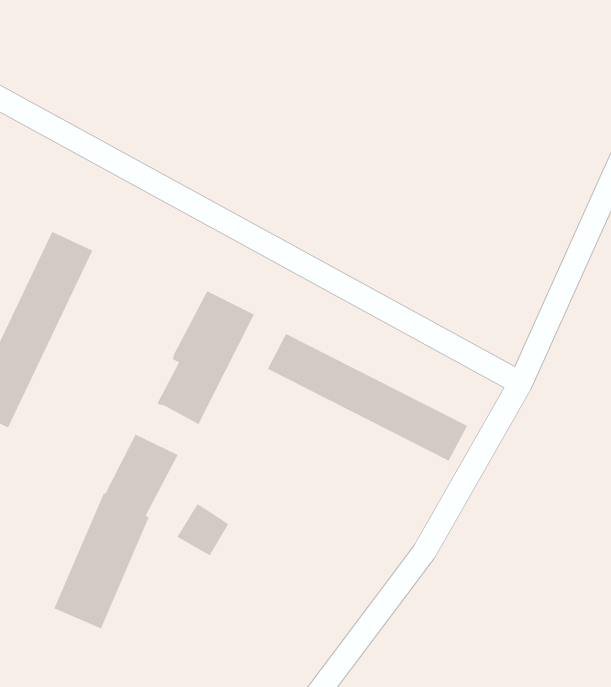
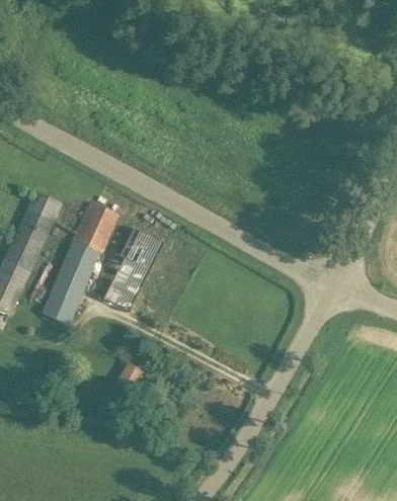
building: [267,333,468,461] -> none
building: [54,434,178,629] -> [39,200,118,324]

